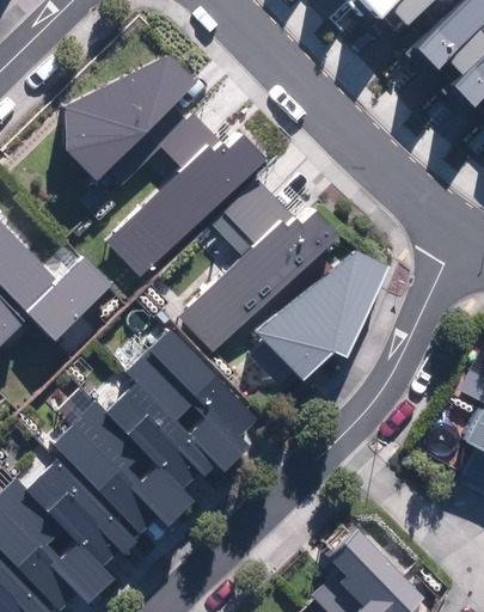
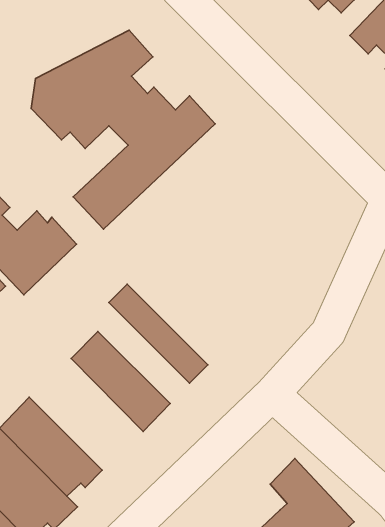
building: [184,180,336,349] -> none
building: [252,244,387,374] -> none
building: [127,353,247,472] -> none
building: [51,404,195,539] -> none

